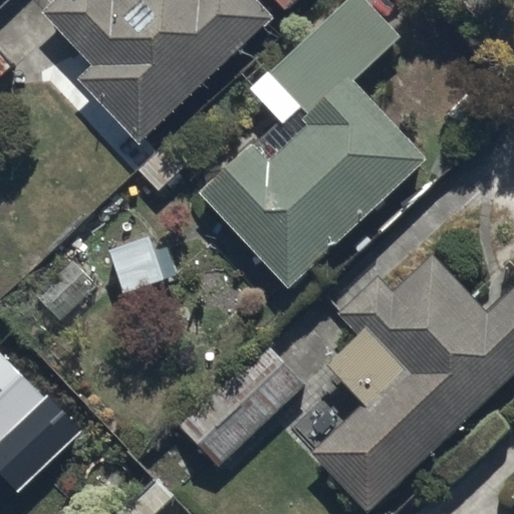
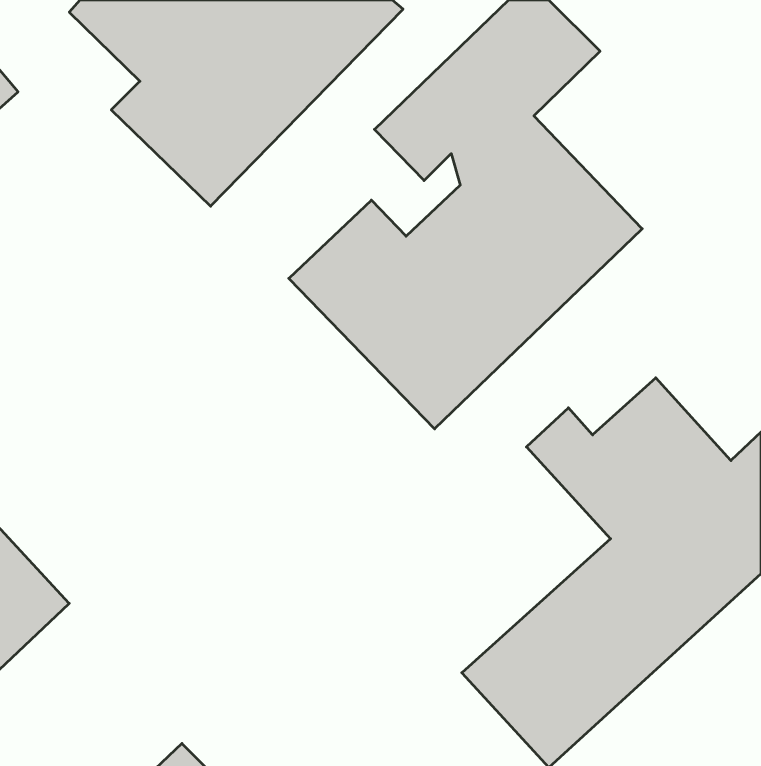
building: [175,340,305,468] -> none

